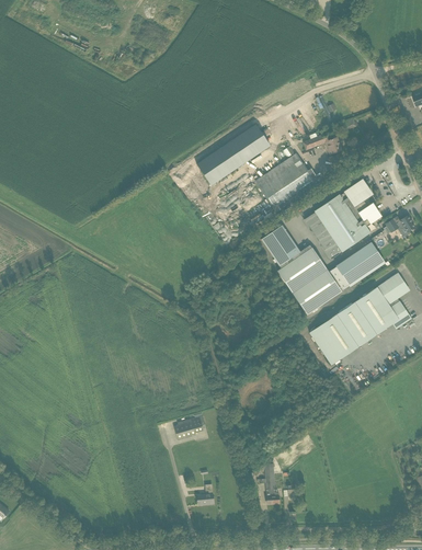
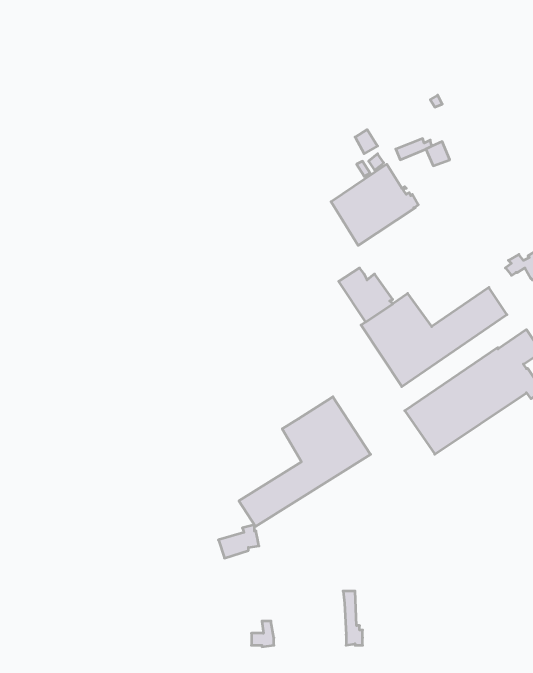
building: [196,124,270,185] -> none
building: [305,179,380,259] -> none
building: none -> [239,397,371,526]

